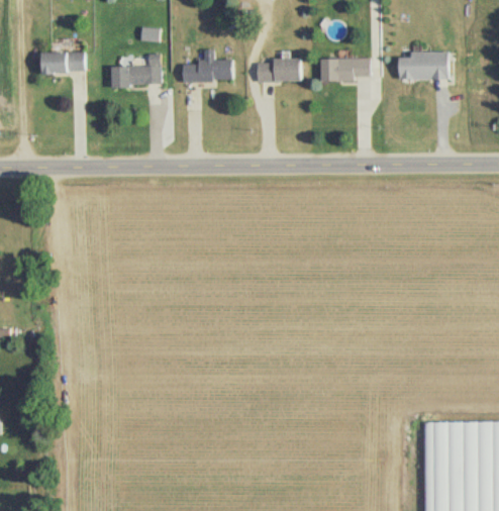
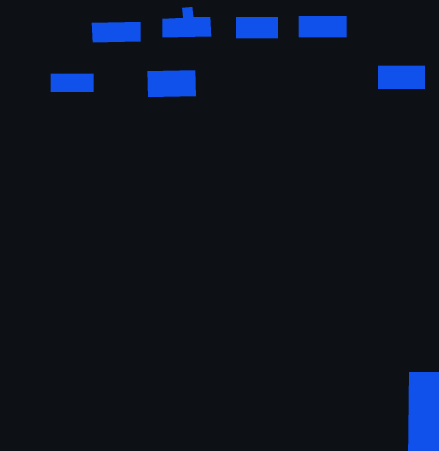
building: [39,53,85,73] -> [50,73,95,93]
building: [399,54,448,79] -> [377,65,426,90]
building: none -> [147,69,197,98]

